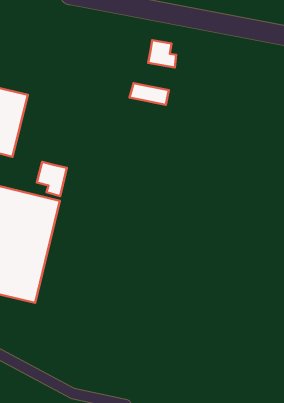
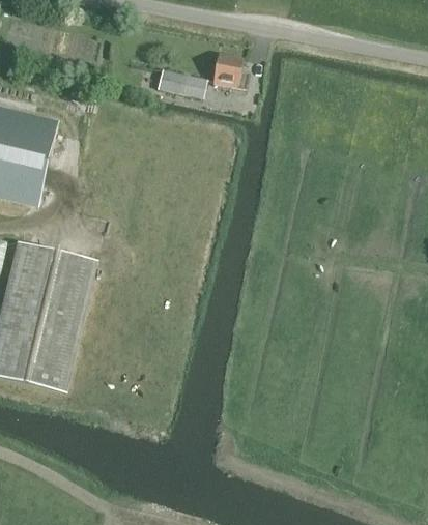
building: [130,83,169,105] -> [156,68,207,96]
building: [37,162,67,196] -> none

